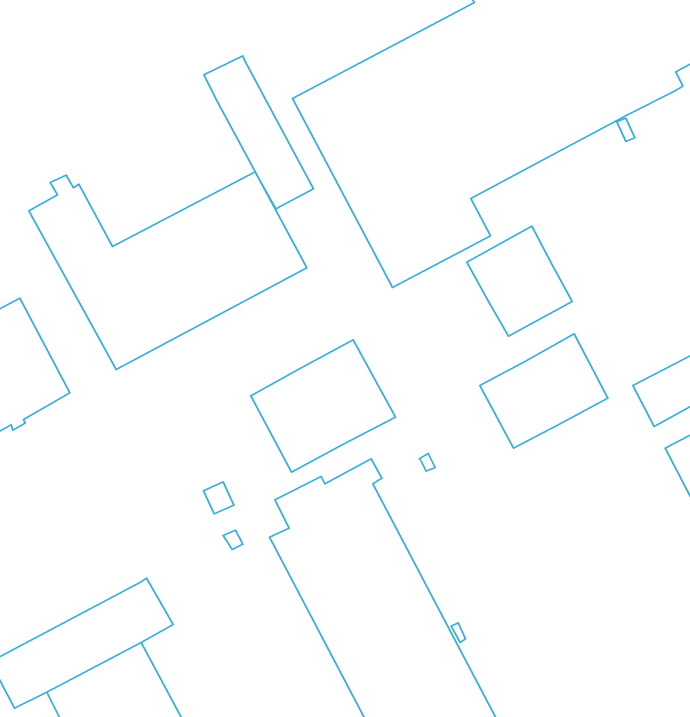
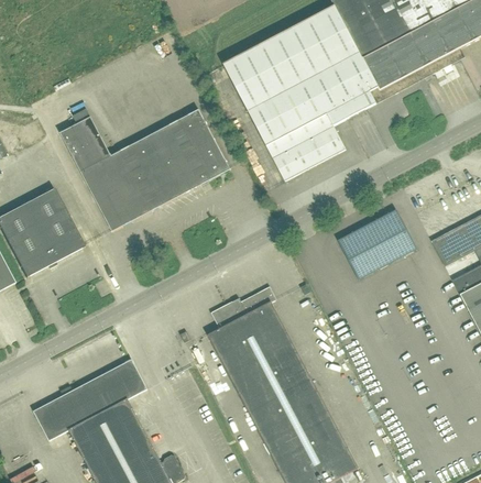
building: [204,56,313,209] -> none
building: [467,226,572,336] -> none
building: [251,340,395,472] -> none

